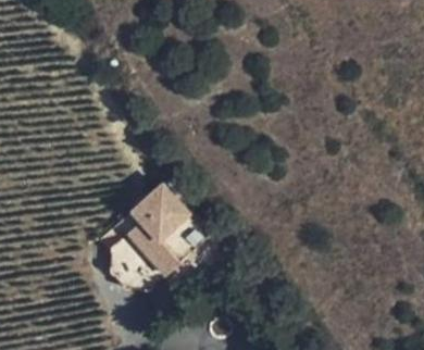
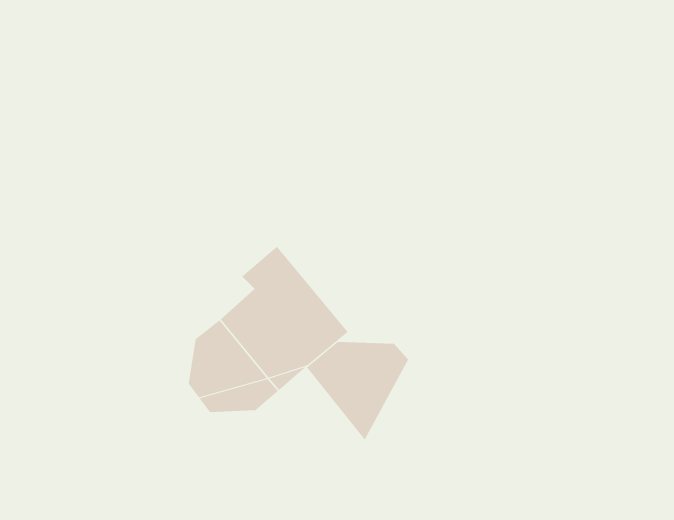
building: none -> [306,341,409,441]

